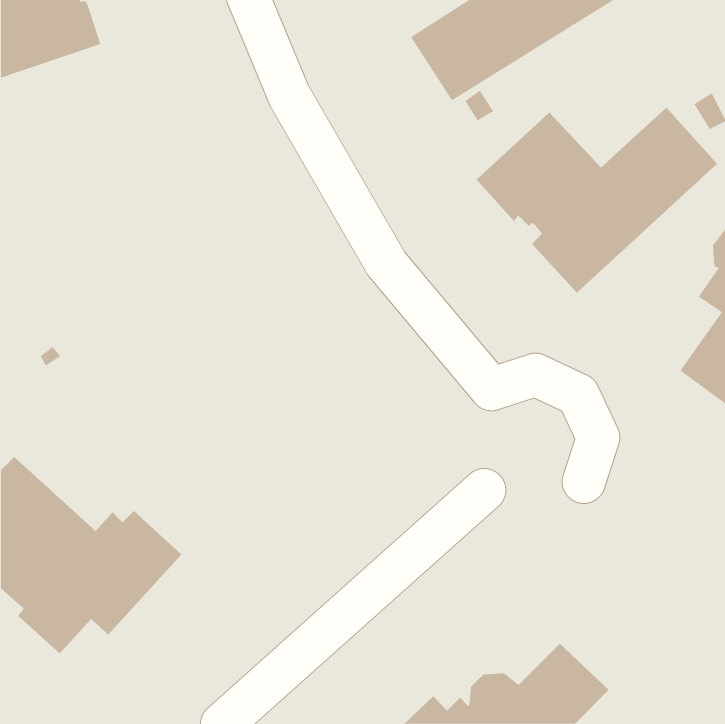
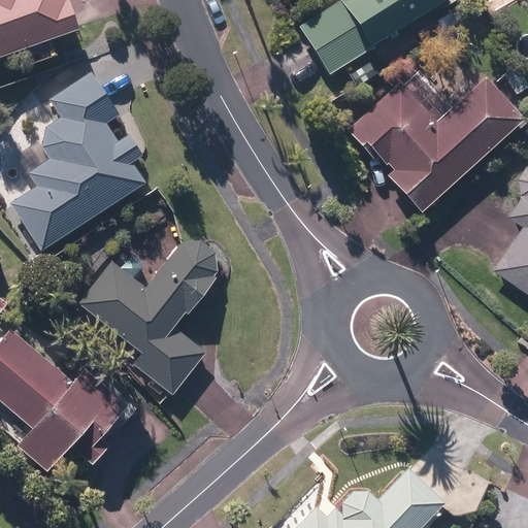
building: none -> [11,70,145,250]
building: none -> [78,240,218,394]

